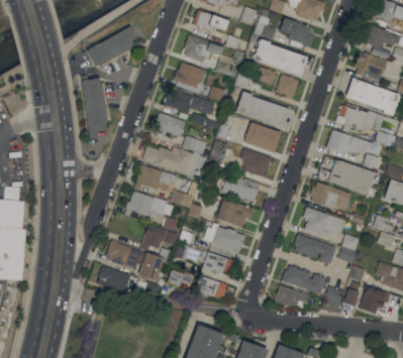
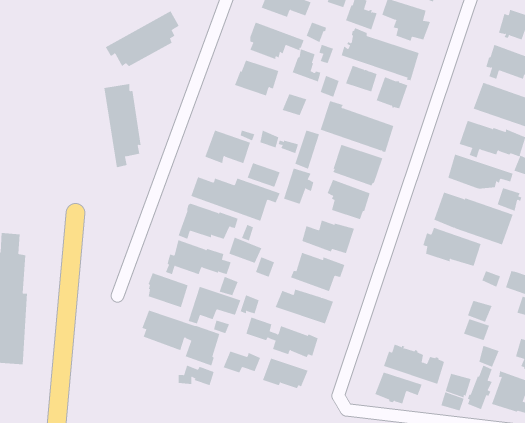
building: [165,88,215,114] -> none
building: [303,207,345,237] -> none
building: [294,234,336,263] -> none
building: [100,266,129,291] -> [148,273,189,308]

